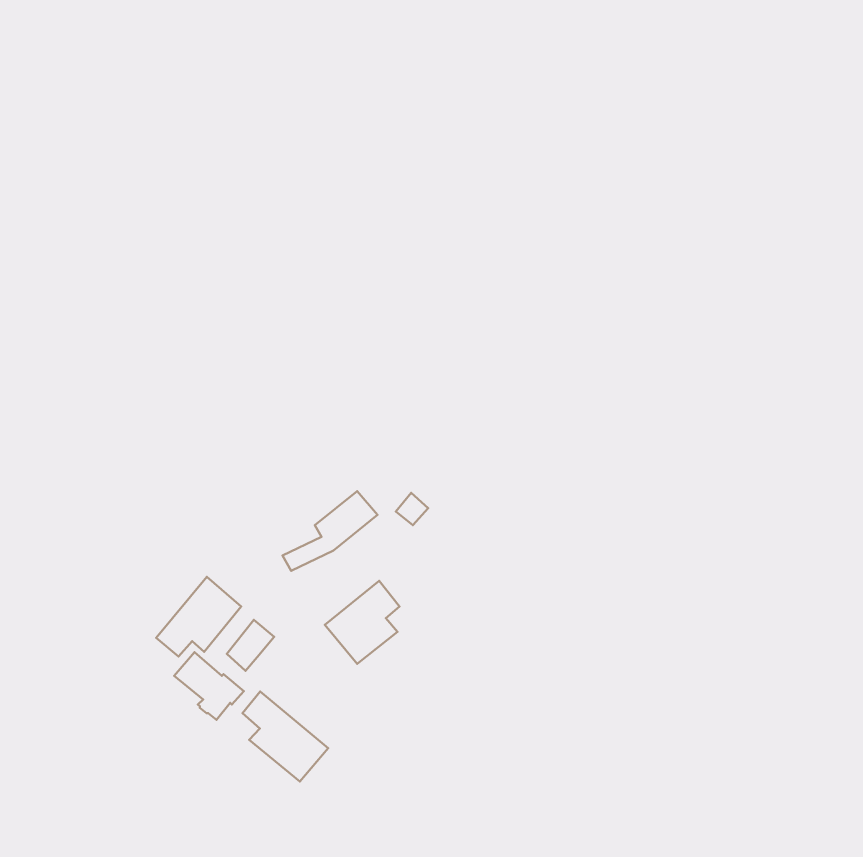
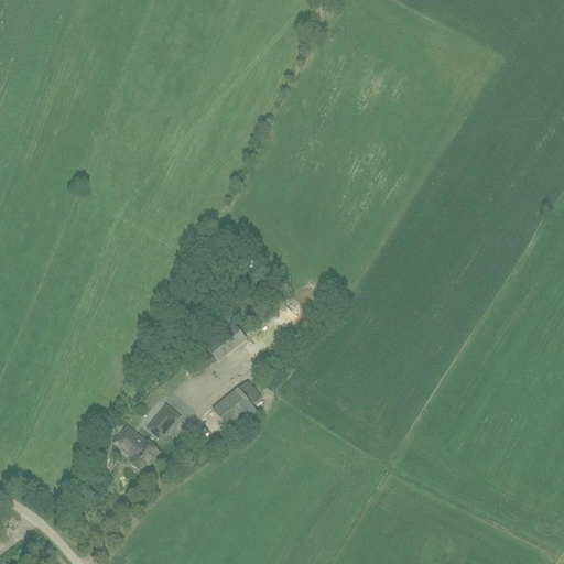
building: [156,577,241,656] -> none
building: [243,692,328,781] -> none

